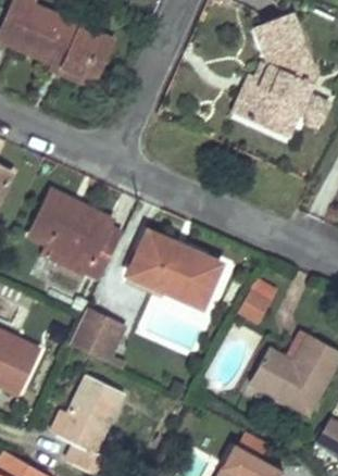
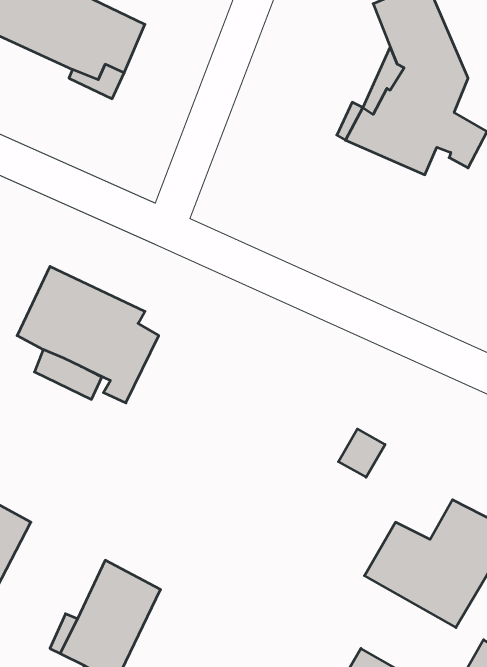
building: [128,226,223,309] -> none
building: [68,304,125,360] -> none

